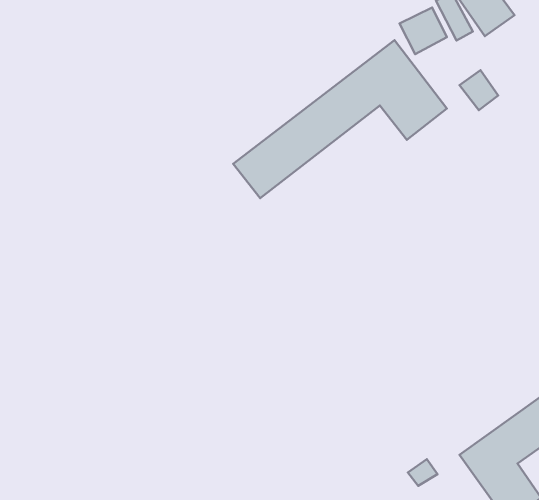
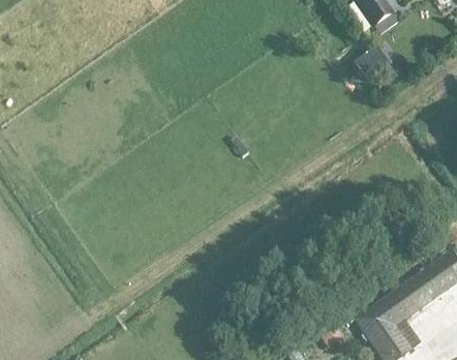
building: [400,8,447,54] -> none
building: [233,40,447,198] -> none

